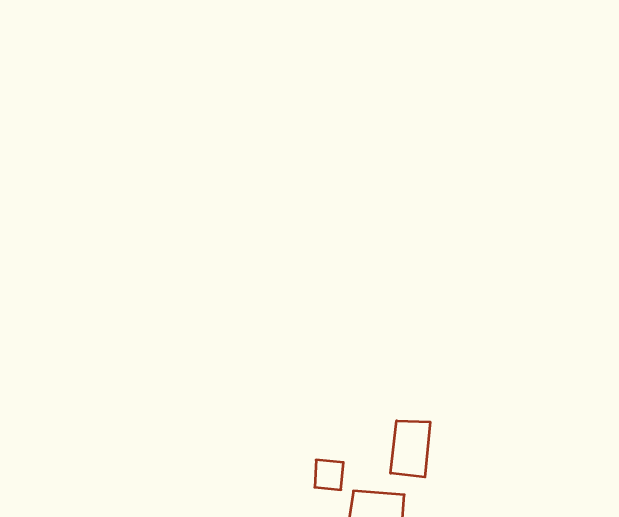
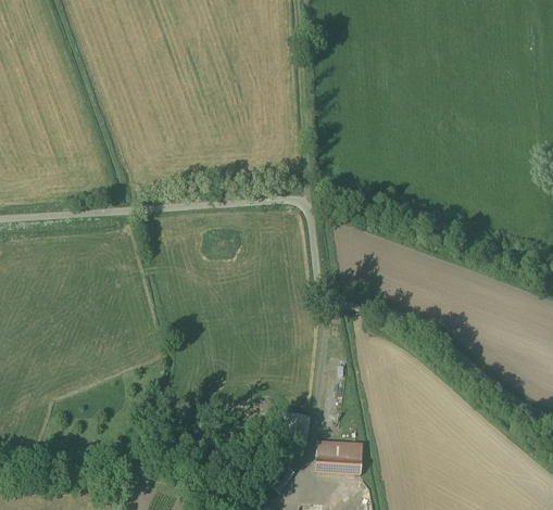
building: [391,421,430,477] -> none

